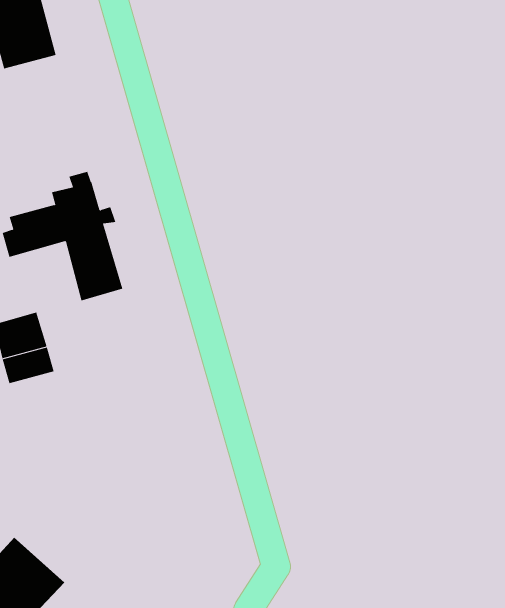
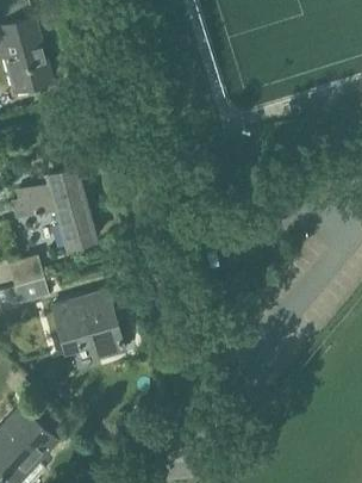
building: none -> [51,291,124,359]

